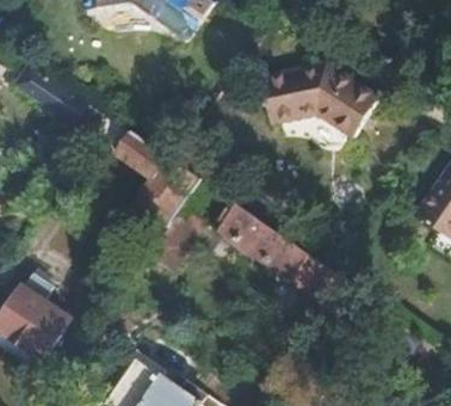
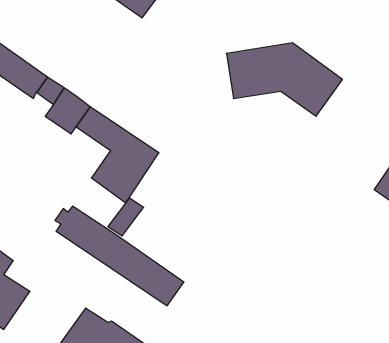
building: [218,205,348,306] -> [55,206,184,306]

